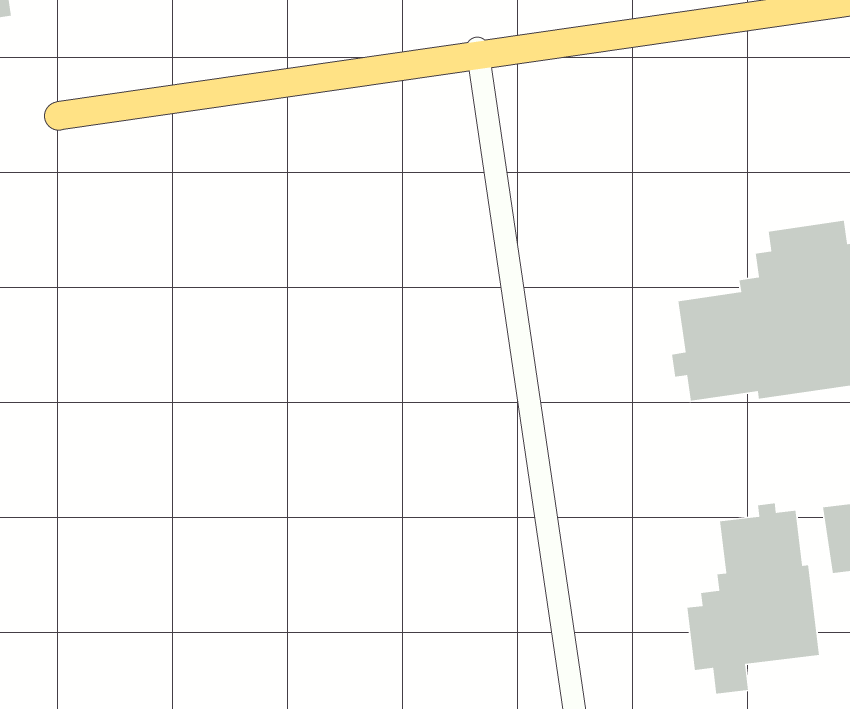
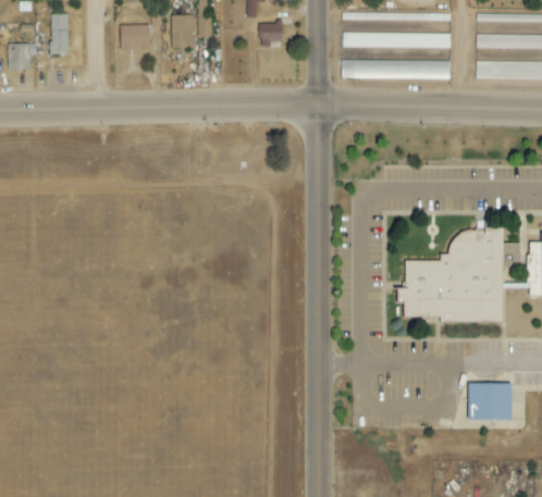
building: [687,503,820,695] -> none

